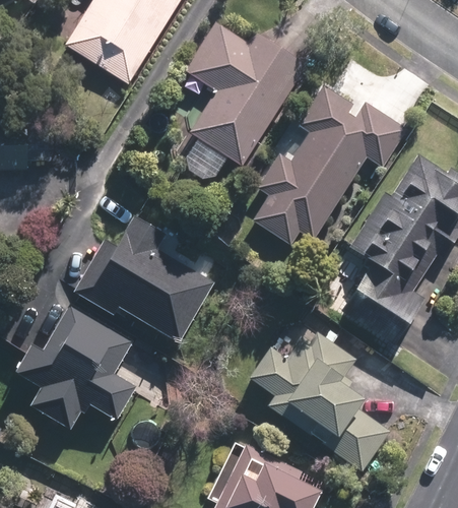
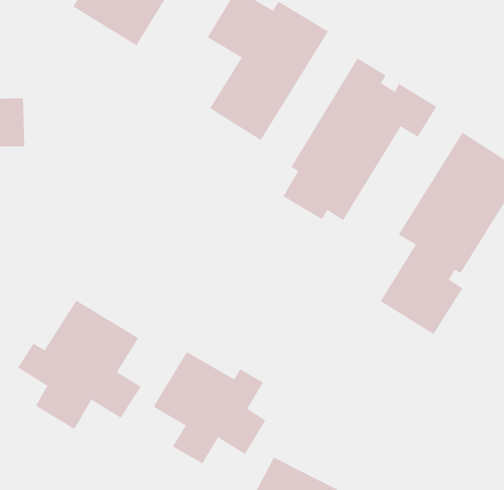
building: [77,218,211,338] -> none
building: [255,339,381,464] -> none
building: none -> [153,351,266,464]

